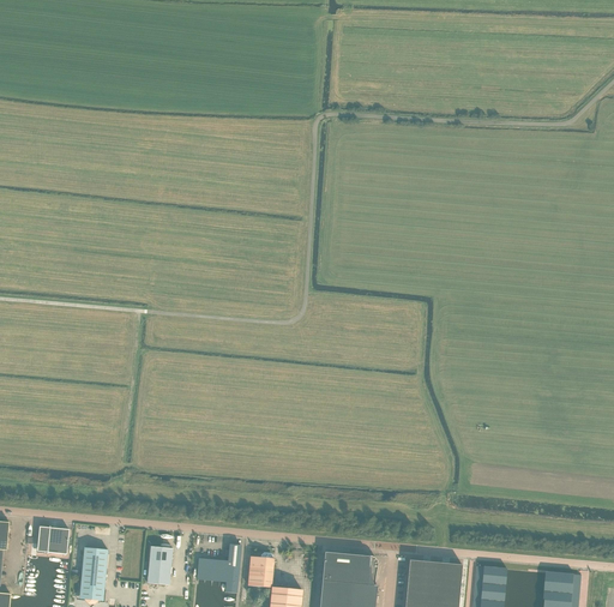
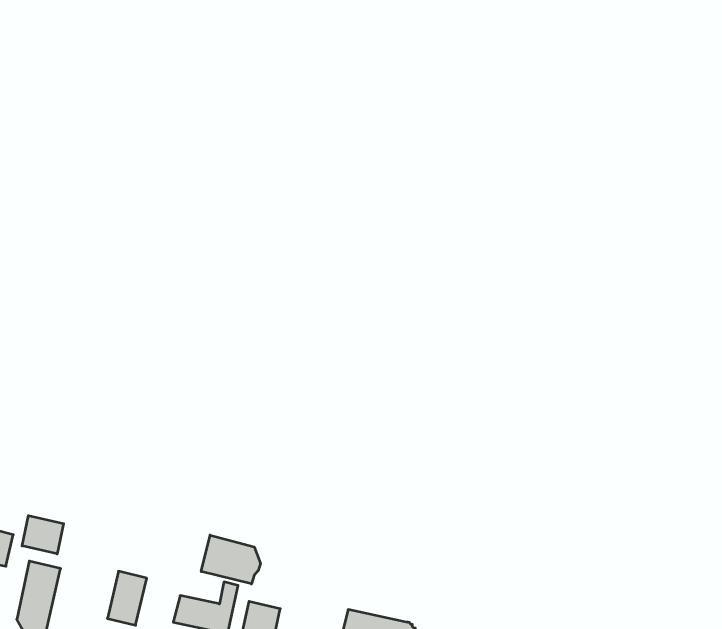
building: none -> [201,535,260,584]
building: none -> [22,516,64,554]

